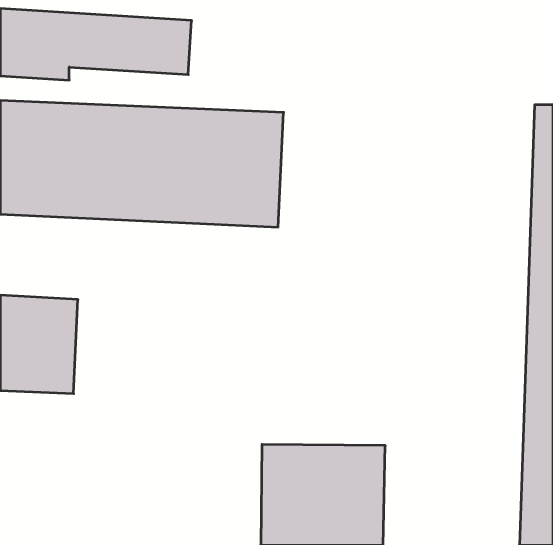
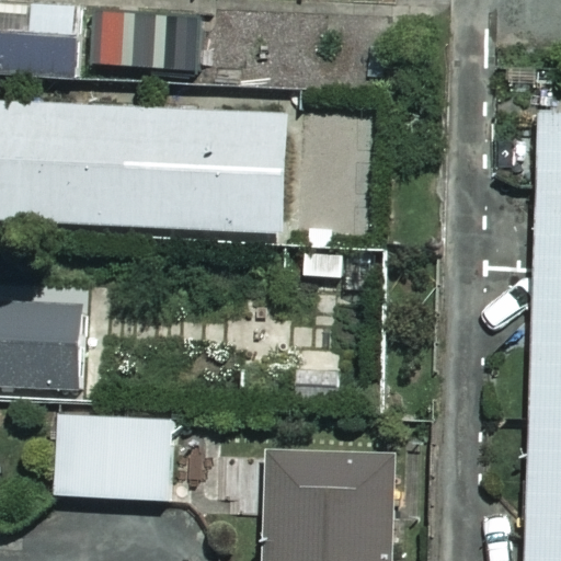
building: none -> [57,414,175,496]

